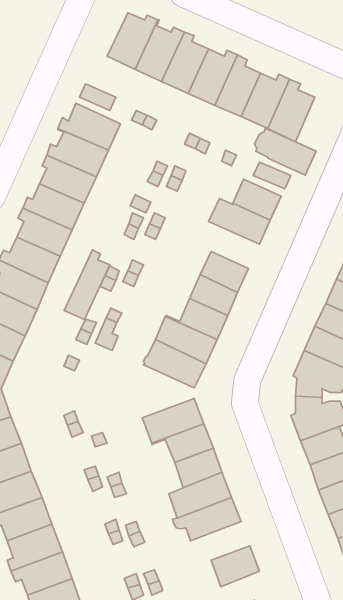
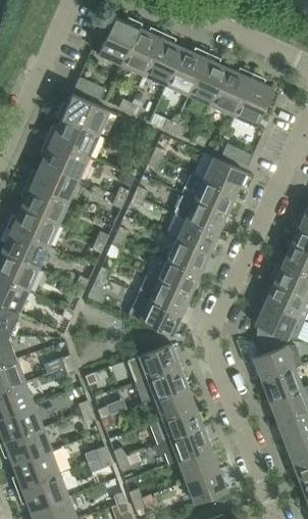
building: [255,128,316,175] -> [174,194,226,234]
building: [64,250,110,319] -> none
building: none -> [168,449,218,481]

